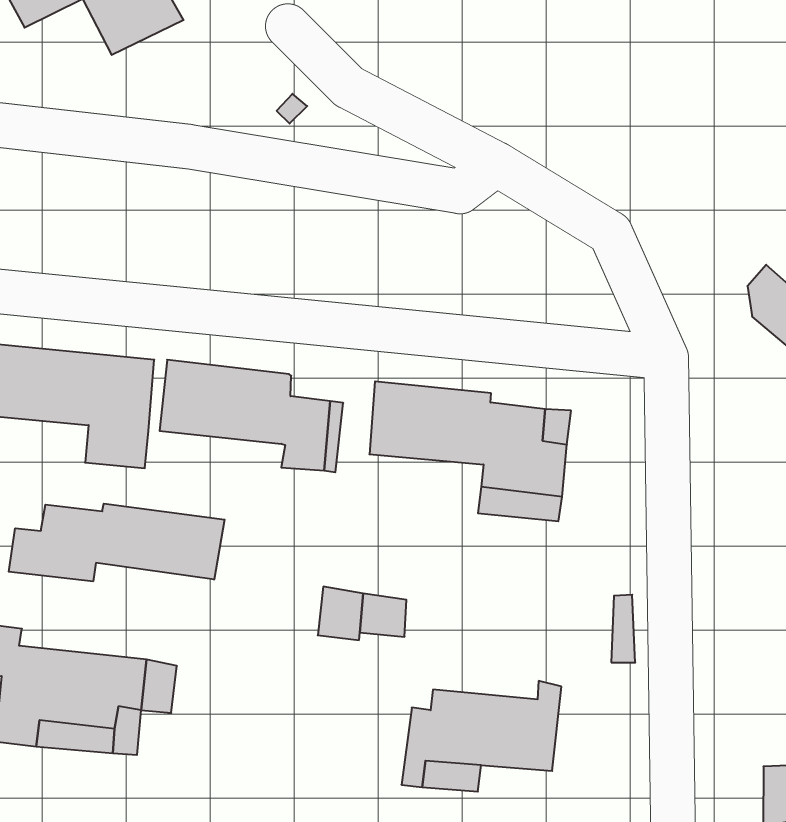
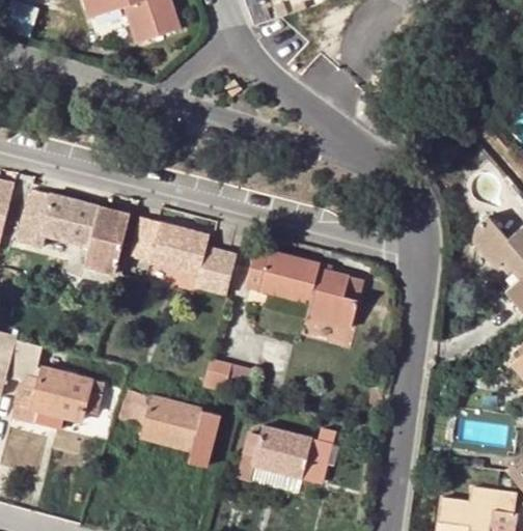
building: [9,504,225,581] -> none
building: none -> [120,390,219,465]

